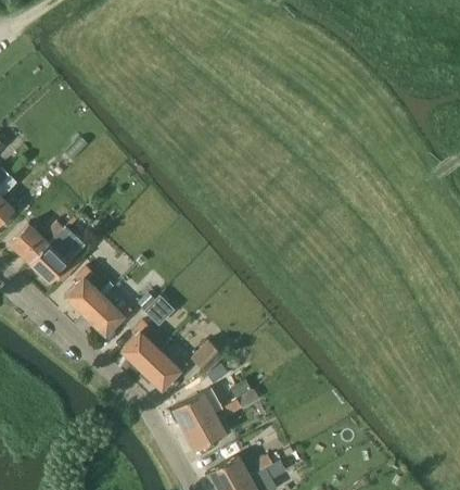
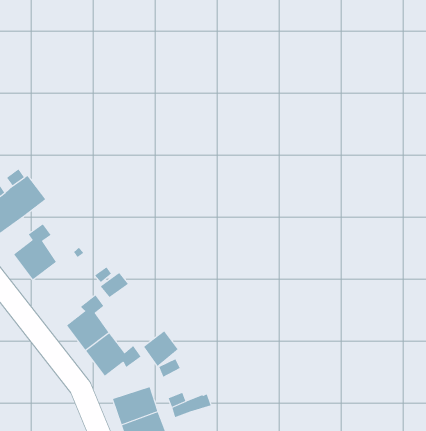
building: [86,298,136,337] -> none

